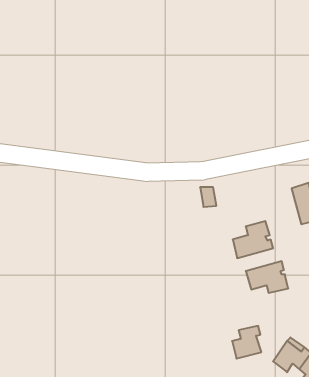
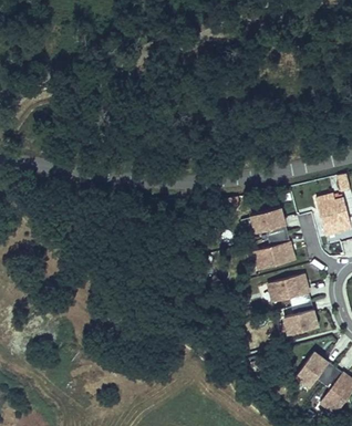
building: none -> [252,208,289,238]
building: [232,326,261,359] -> [286,301,315,334]

